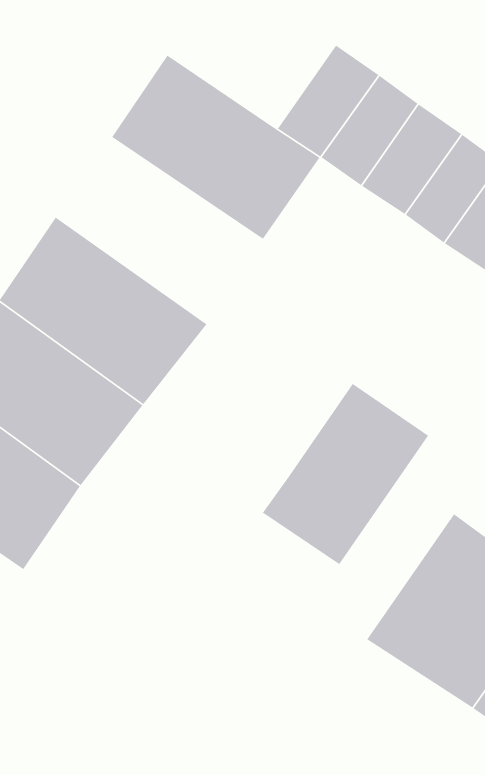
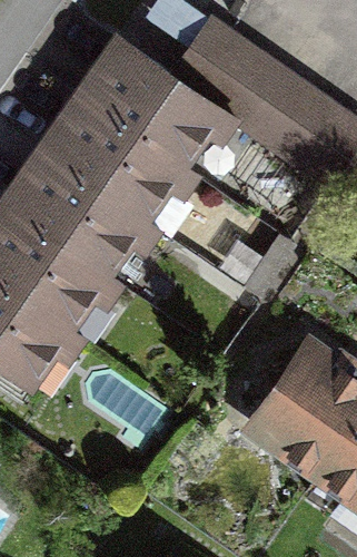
building: none -> [46,95,182,218]
building: [262,383,429,565] -> none

